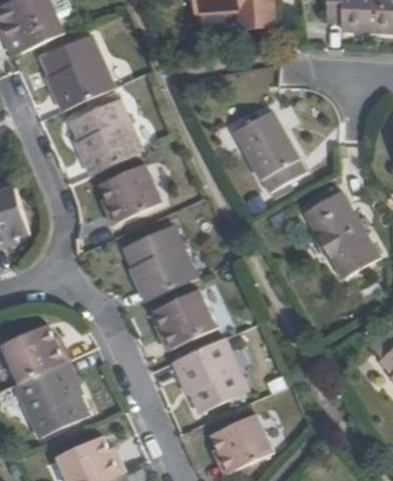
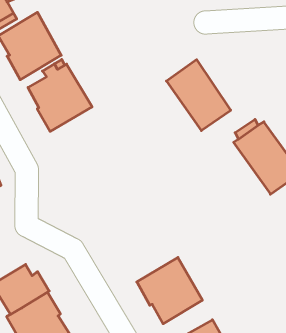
building: [96,163,161,220] -> none
building: [125,225,195,301] -> none
building: [156,291,216,350] -> none

